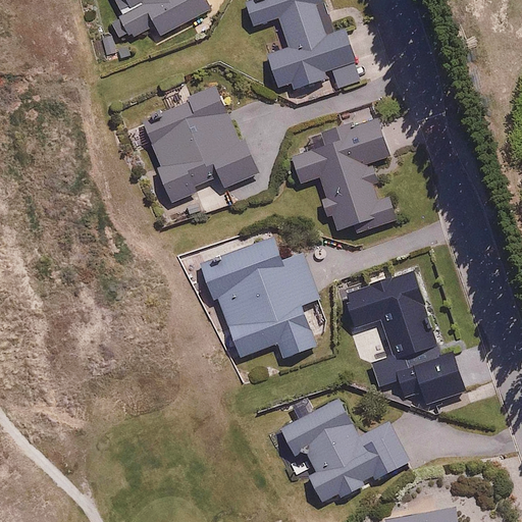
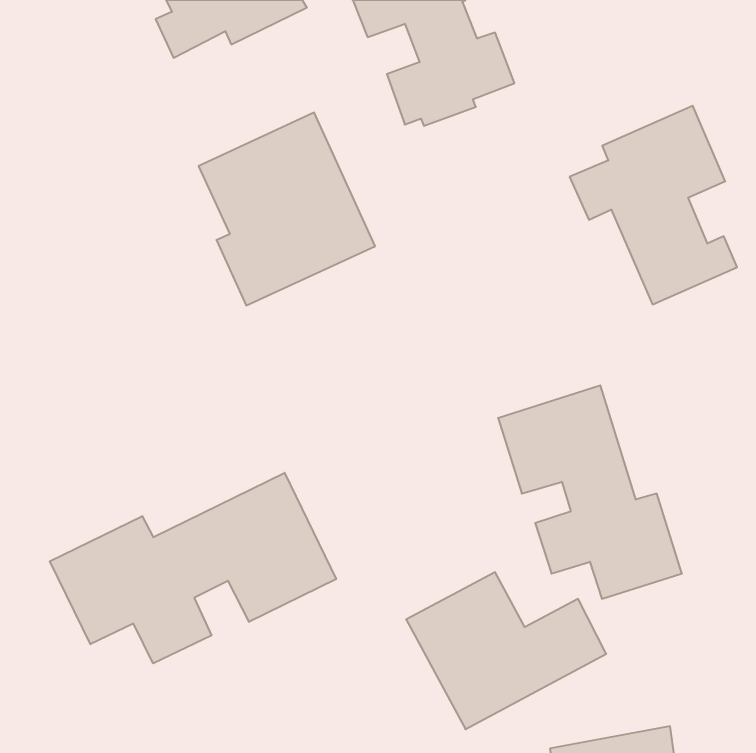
building: [283,107,399,244] -> [570,106,737,304]
building: [198,227,319,359] -> none
building: none -> [50,473,336,663]

